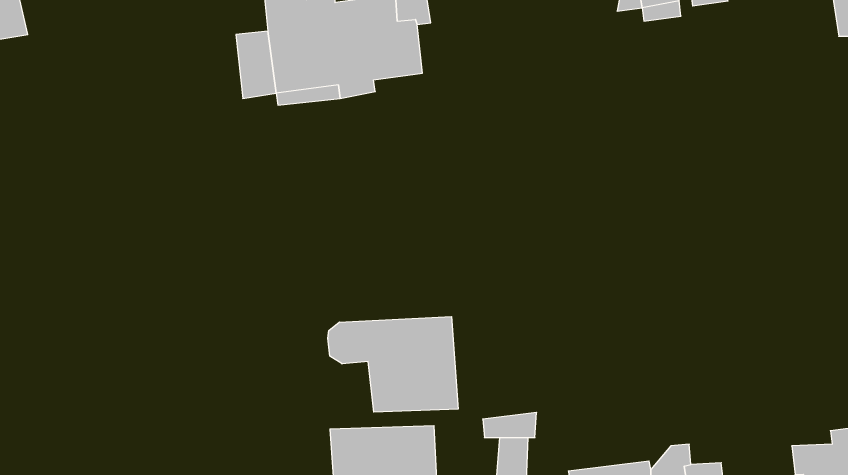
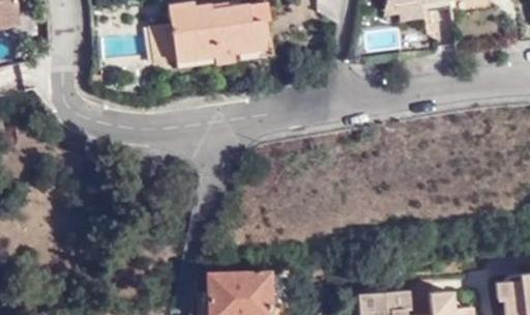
building: [328,317,458,412] -> none

